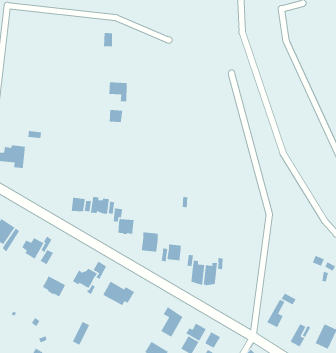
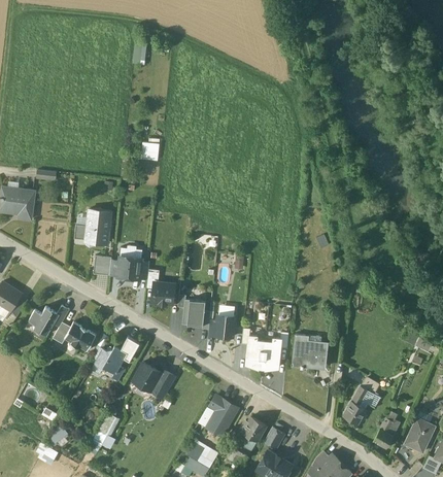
building: [108,81,128,102] -> none
building: none -> [74,209,110,248]
building: none -> [292,334,328,369]
building: [42,275,66,298] -> [65,322,96,351]

